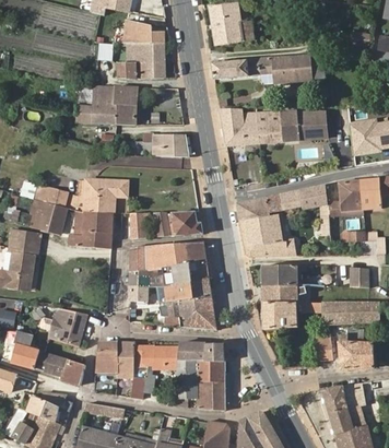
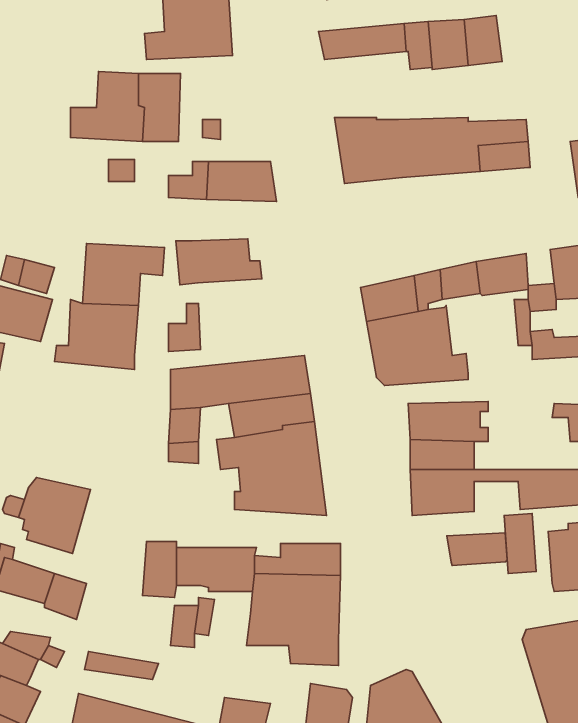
building: [155,211,202,236] -> [176,239,262,285]
building: none -> [447,533,507,566]
building: [95,341,118,372] -> none

